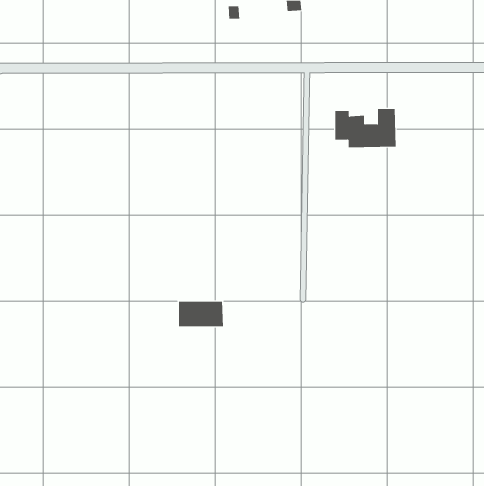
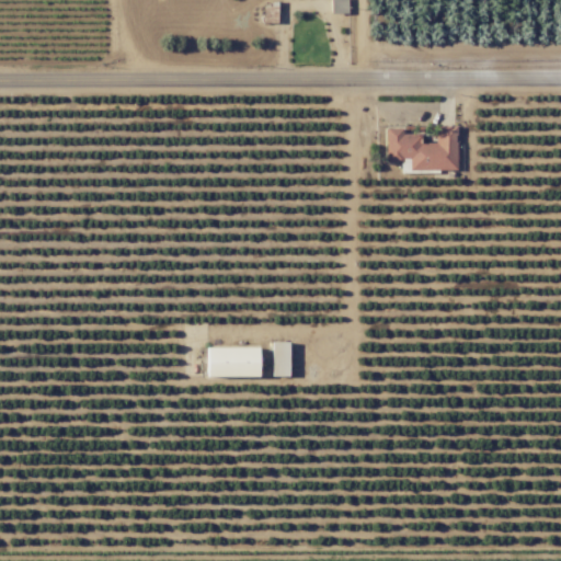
building: none -> [273,342,290,377]

